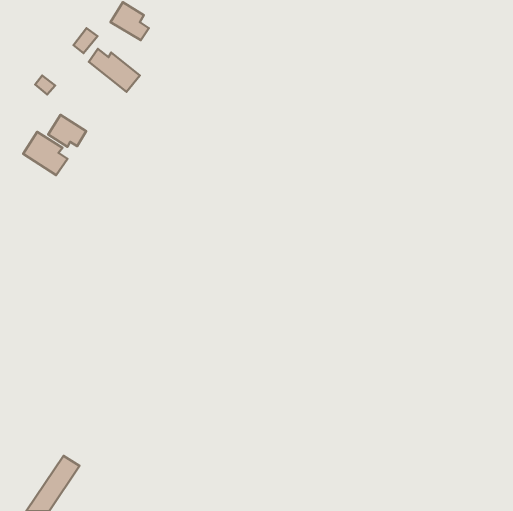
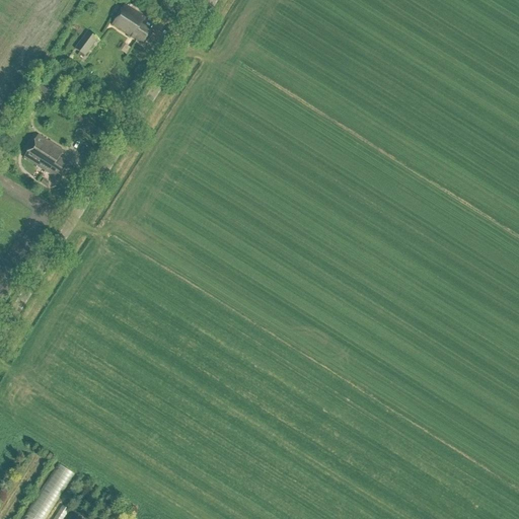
building: [89,49,140,92] -> none
building: [48,115,86,147] -> none

